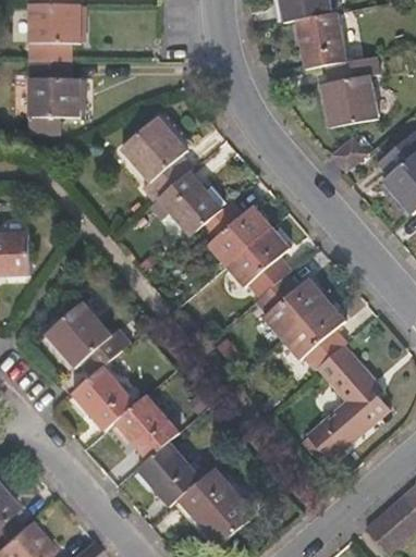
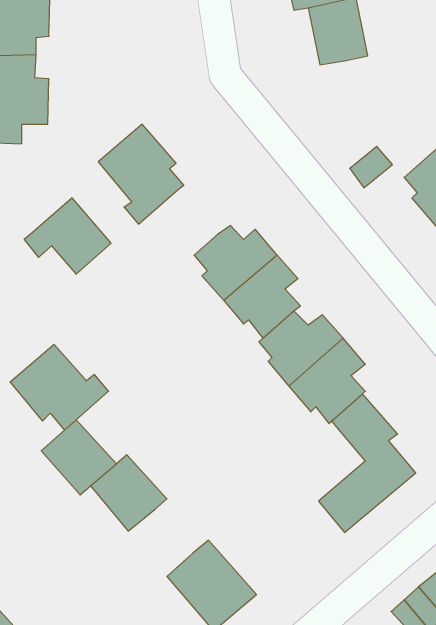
building: [322,55,381,126] -> none
building: [148,173,221,237] -> [24,198,111,274]
building: [137,442,200,505] -> none

